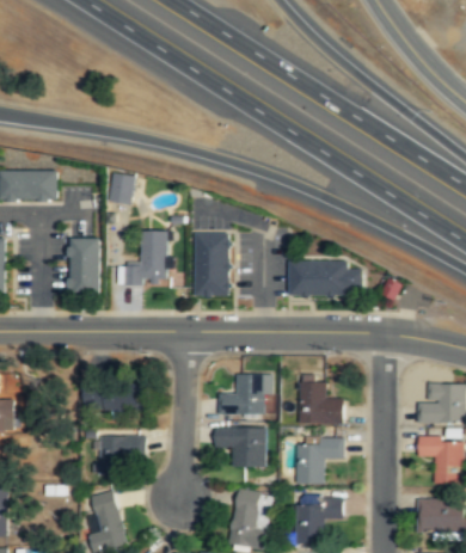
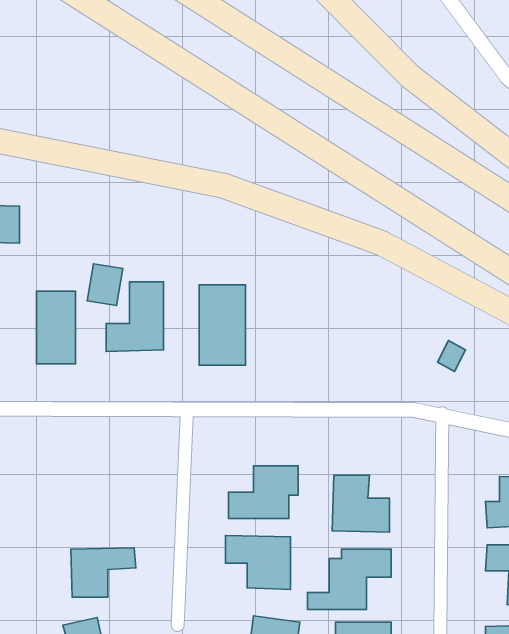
building: [106,172,134,204] -> [87,264,123,306]
building: [289,262,363,295] -> none
building: [84,387,141,410] -> none

